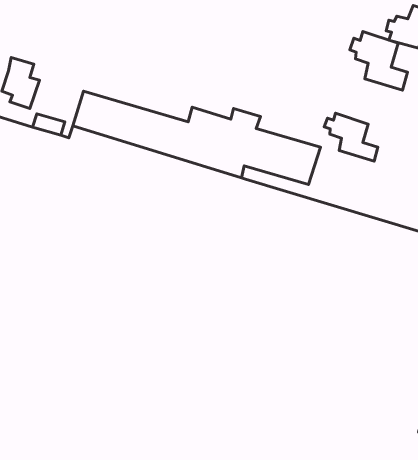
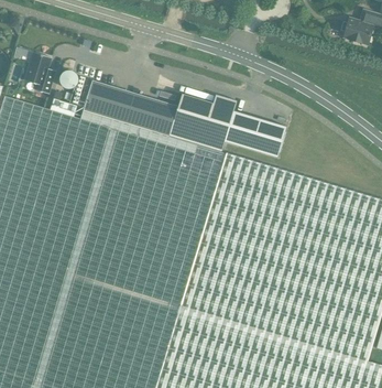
building: [350,32,407,90] -> none
building: [324,113,378,161] -> none

